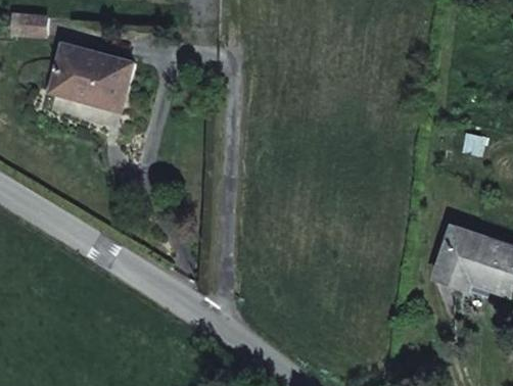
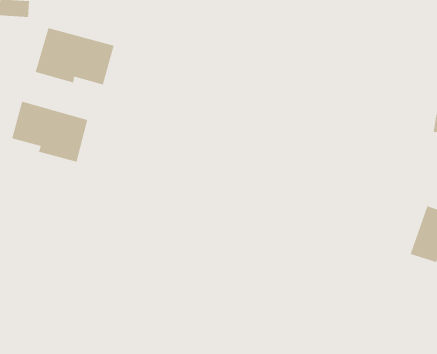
building: none -> [12,101,88,162]

